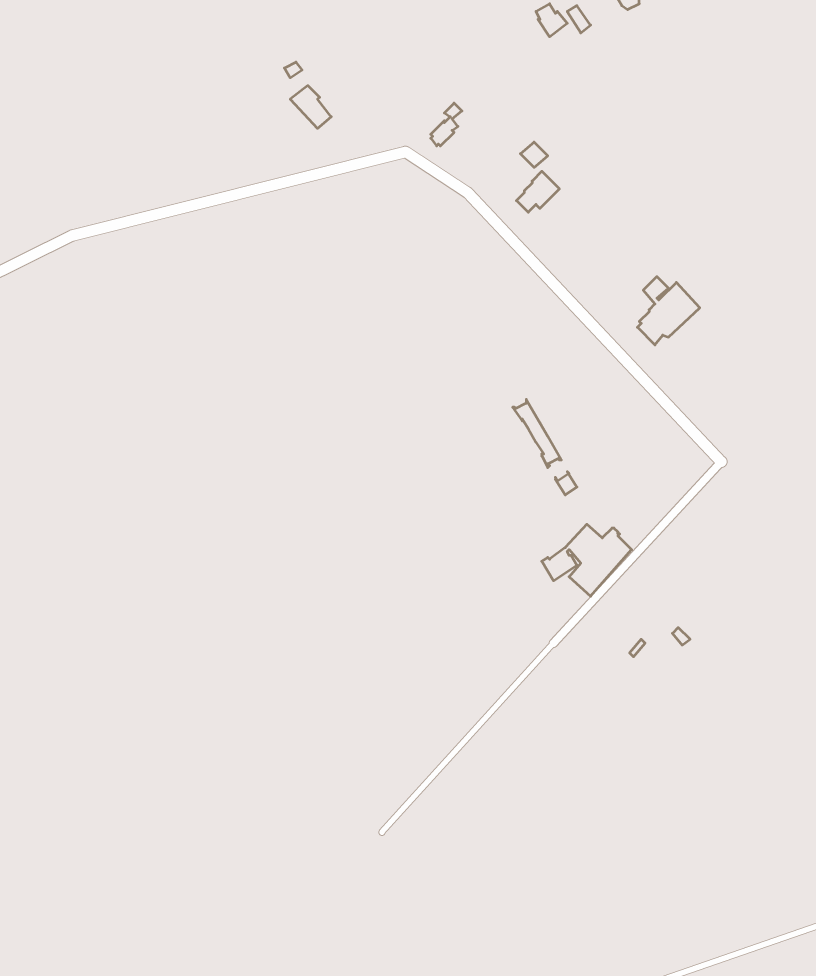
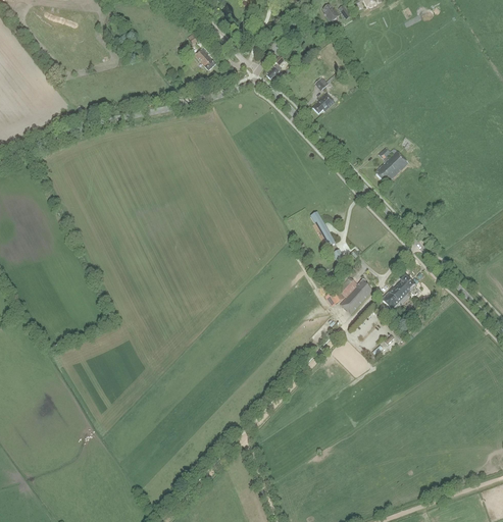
building: none -> [381,276,417,310]

